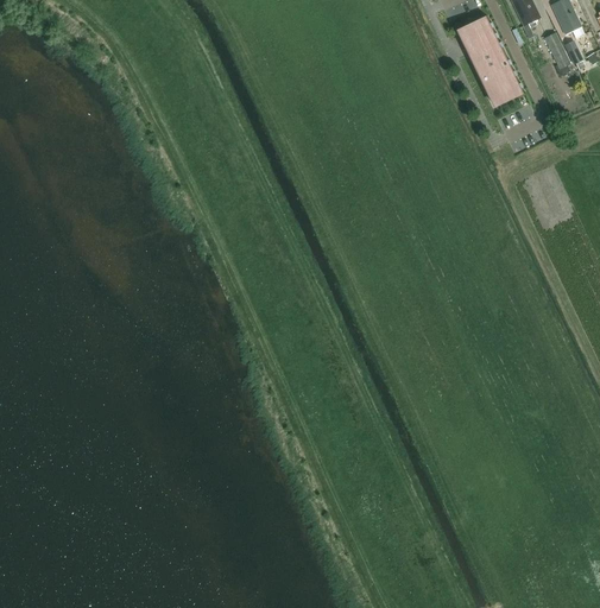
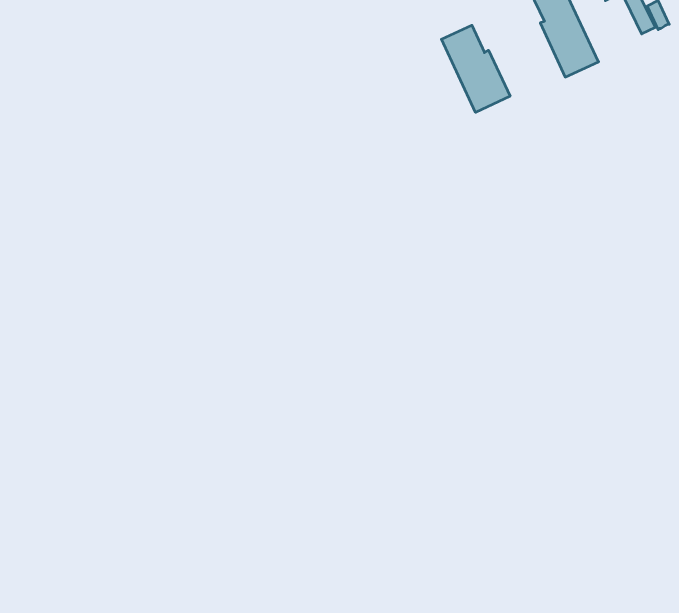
building: none -> [441,25,510,112]

